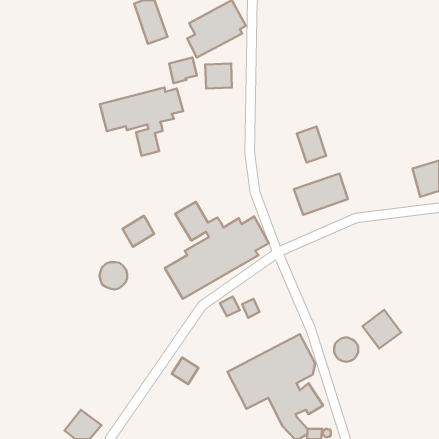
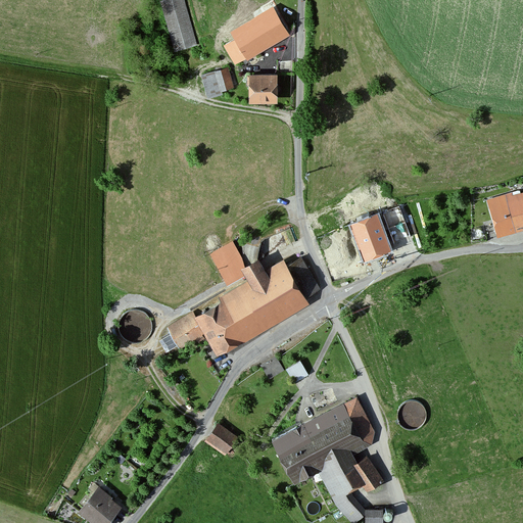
building: [100,87,183,156] -> none
building: [297,127,326,163] -> none
building: [122,216,154,247] -> [167,313,204,349]
building: [363,310,401,349] -> none

